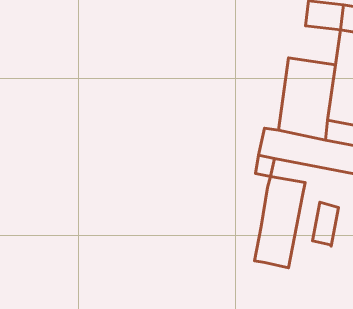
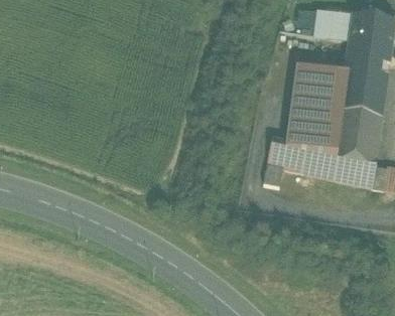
building: [254,176,305,268] -> none
building: [312,202,338,246] -> none

